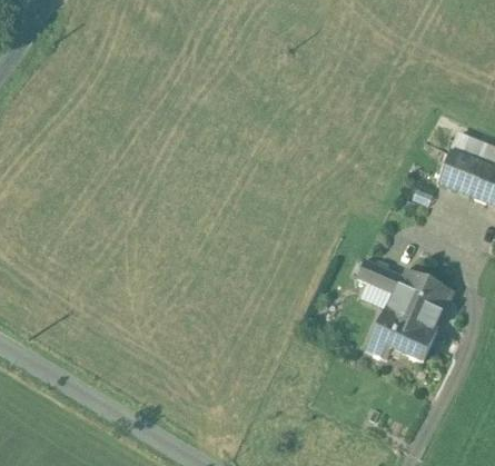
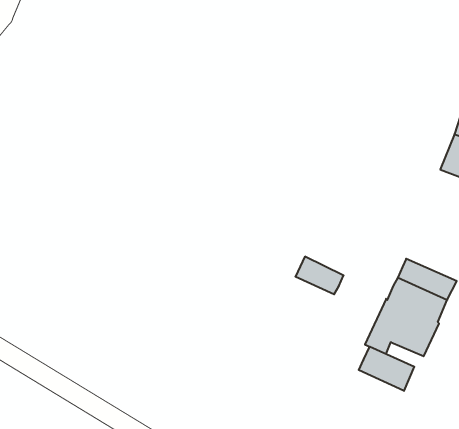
building: [356,258,402,294] -> [295,257,344,294]
building: none -> [359,347,414,391]

